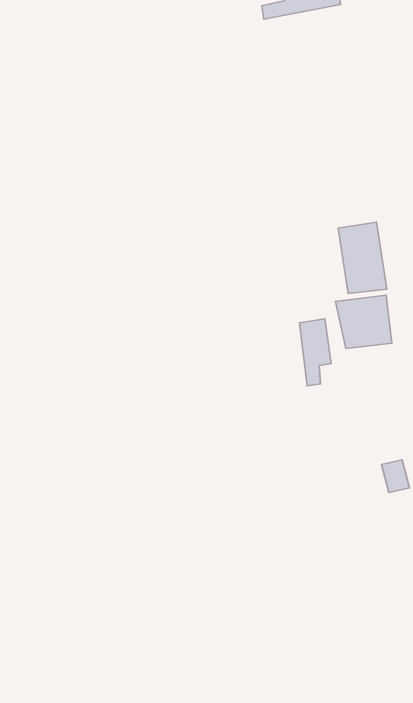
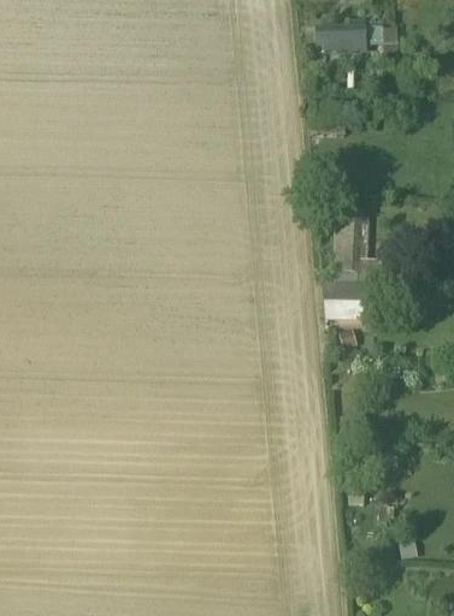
building: [300,319,331,386] -> none

